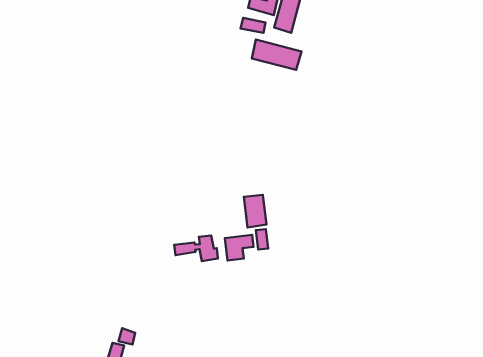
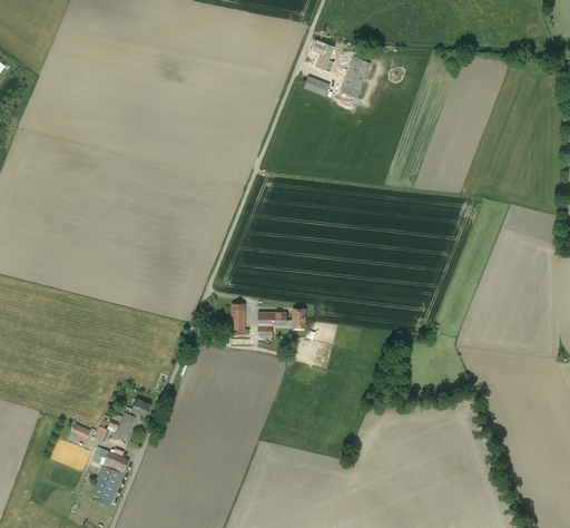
building: [252,39,302,70] -> none
building: [244,195,267,227] -> none

